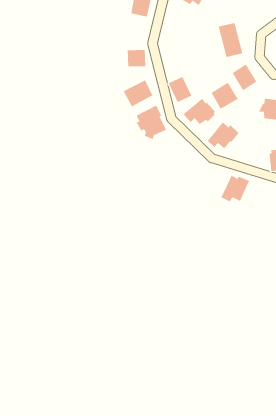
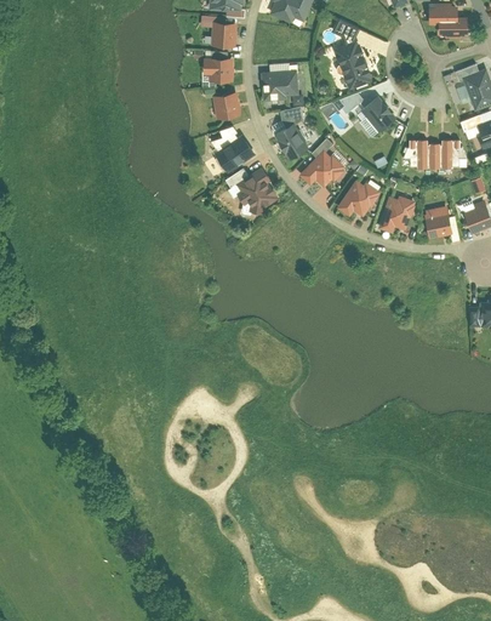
building: none -> [209,57,234,81]
building: none -> [262,69,299,102]
building: [211,82,238,110] -> none
building: [221,175,250,202] -> [378,195,416,233]

